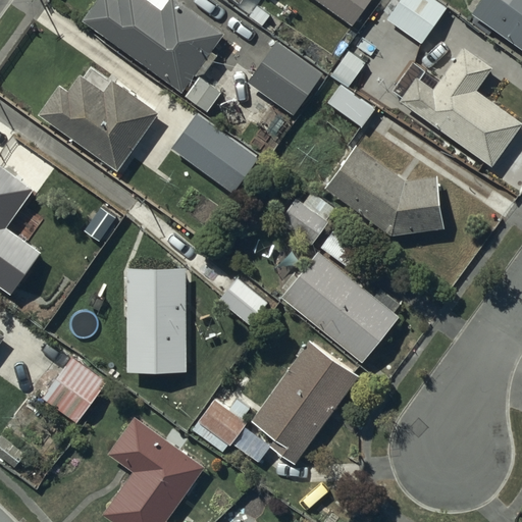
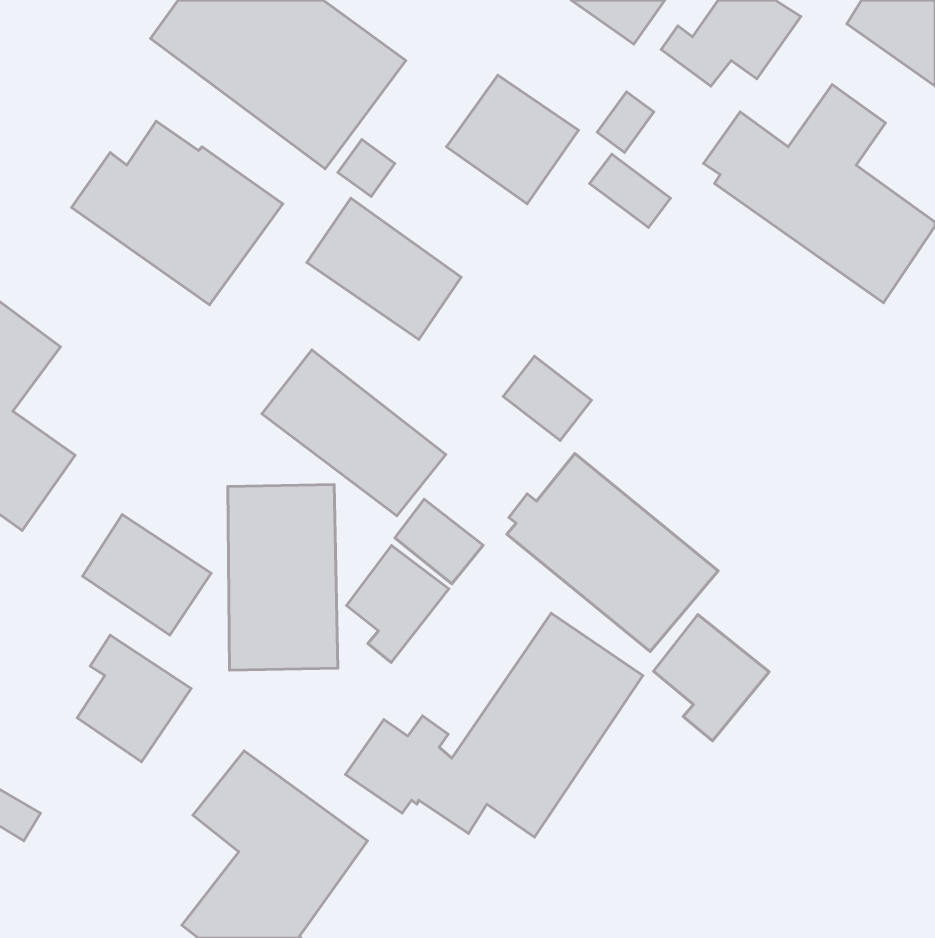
building: [325,145,441,237] -> none
building: none -> [262,350,446,516]
building: none -> [83,515,211,635]
building: none -> [346,546,449,662]
building: none -> [653,615,769,741]

